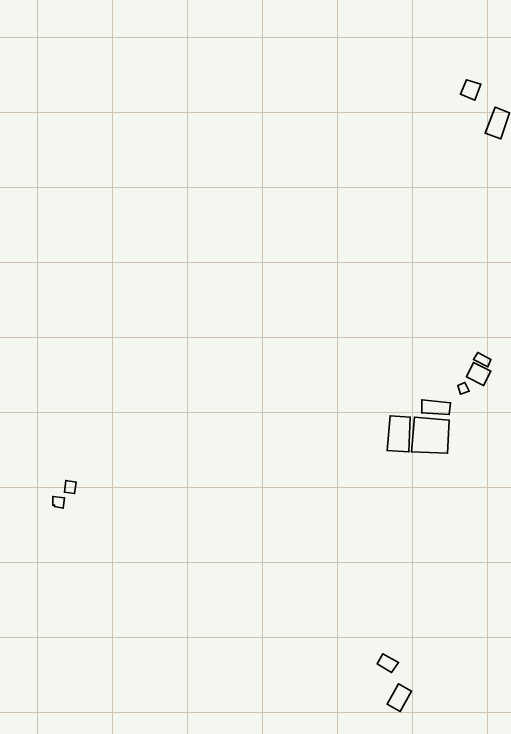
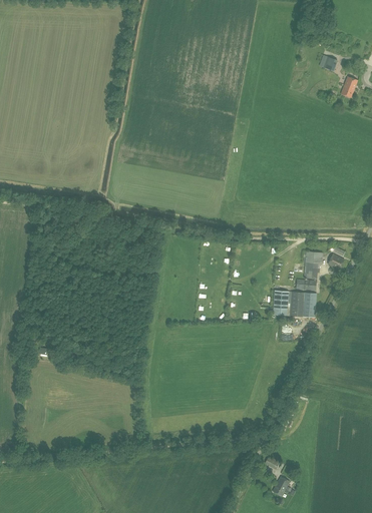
building: none -> [303,250,322,278]

